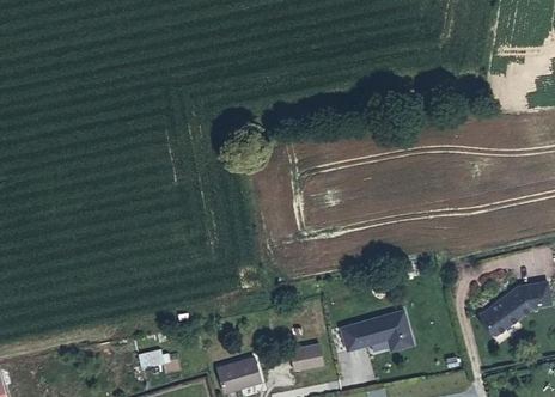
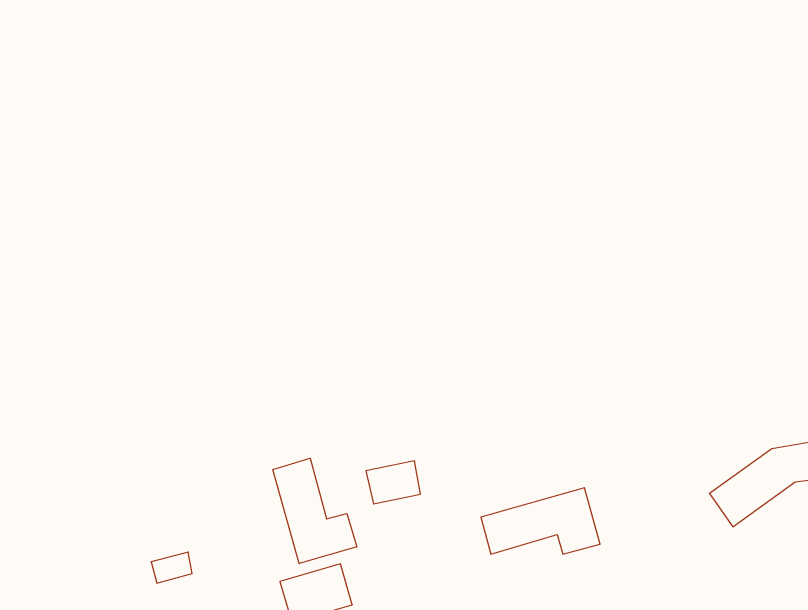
building: none -> [273,458,357,564]
building: [289,344,323,371] -> [366,461,420,504]

